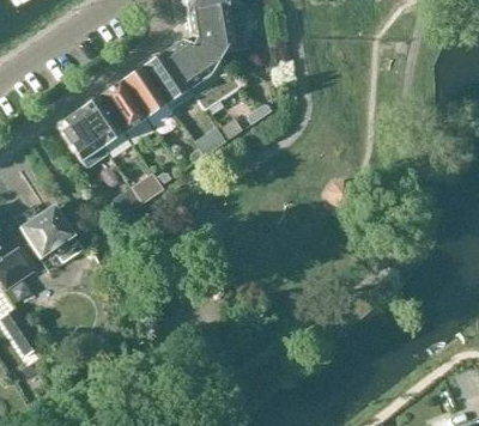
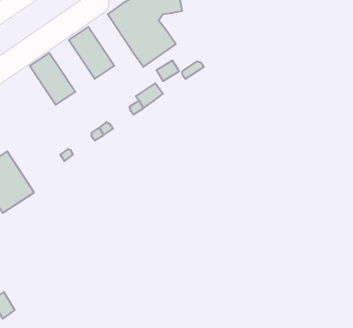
building: [144,50,194,108] -> none
building: [101,79,151,136] -> none
building: [59,108,108,166] -> none

